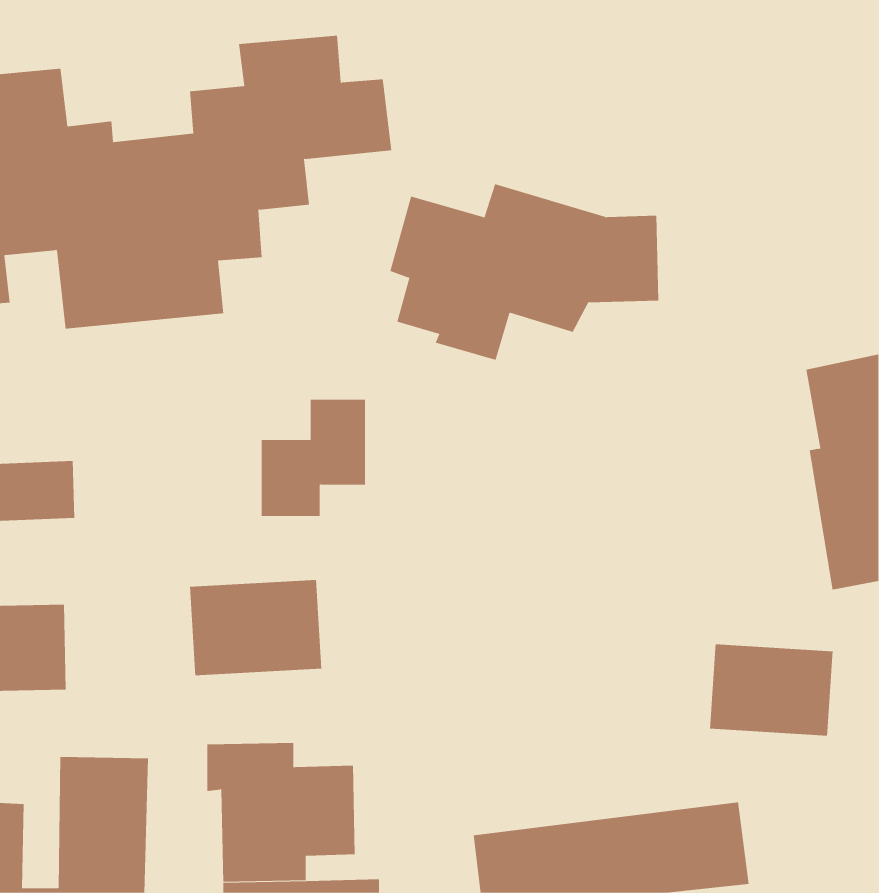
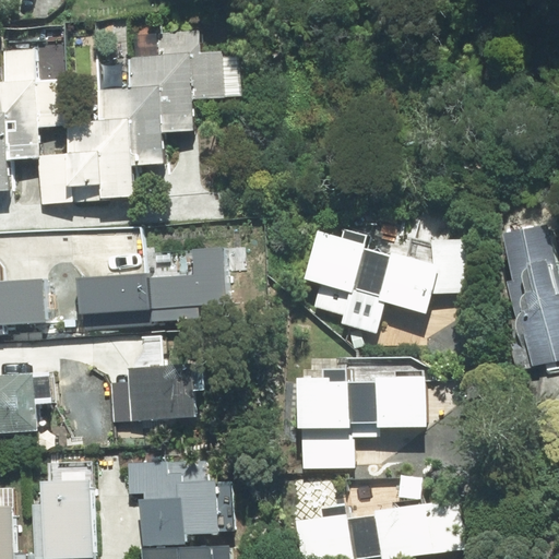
building: [389,184,659,360] -> [307,223,475,333]
building: none -> [71,277,153,318]
building: none -> [284,355,429,477]
building: [710,643,833,736] -> none

